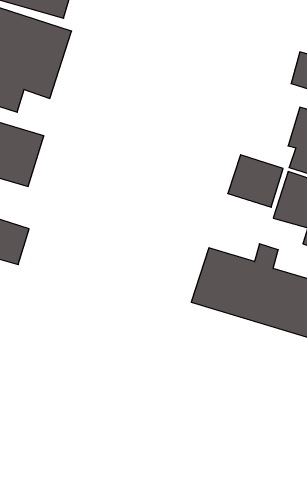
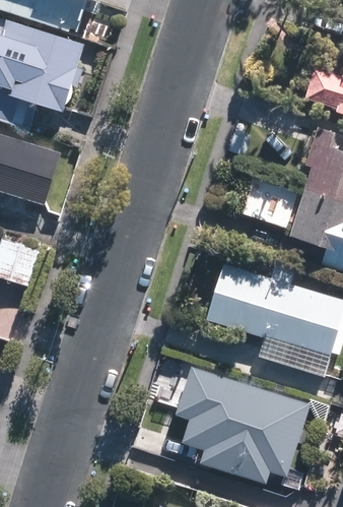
building: none -> [181,366,314,484]

